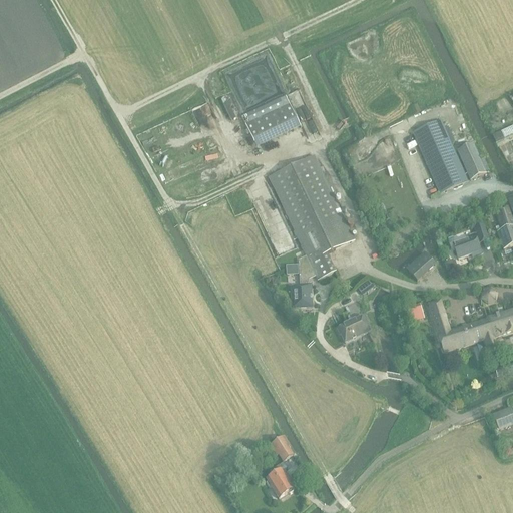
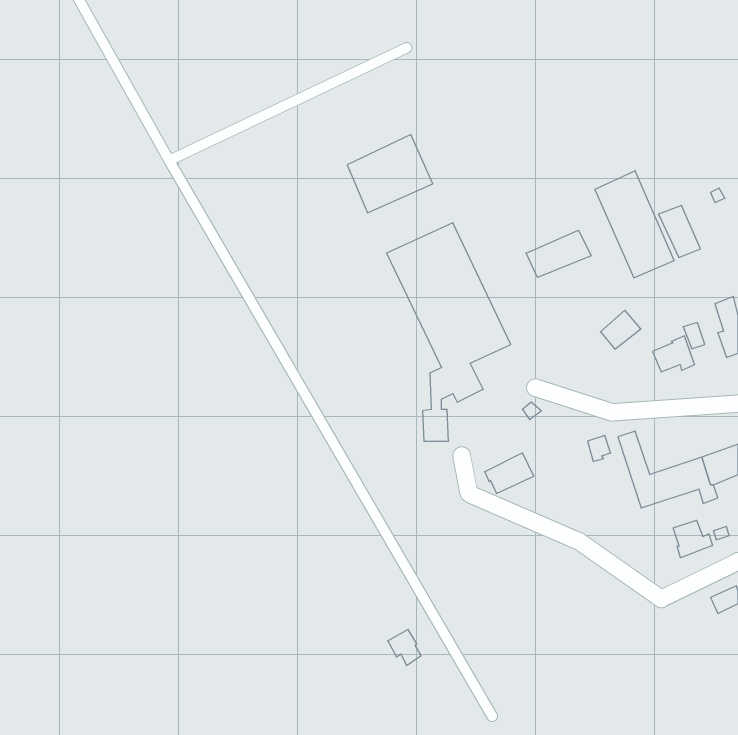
building: none -> [526,230,591,277]
building: [406,252,434,280] -> [600,310,641,349]
building: none -> [673,520,712,558]
building: [266,464,293,497] -> none

